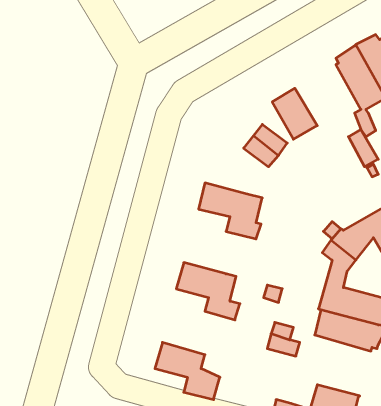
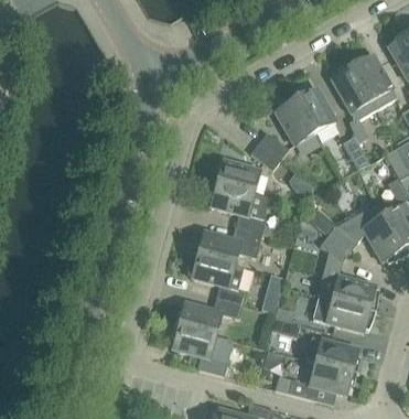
building: none -> [295,87,336,132]
building: none -> [216,160,260,193]
building: none -> [197,226,261,264]
building: none -> [179,297,243,335]
building: none -> [305,336,363,374]

